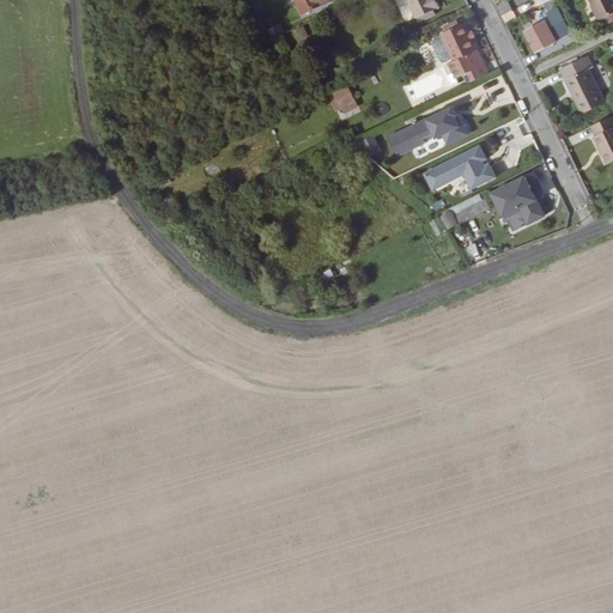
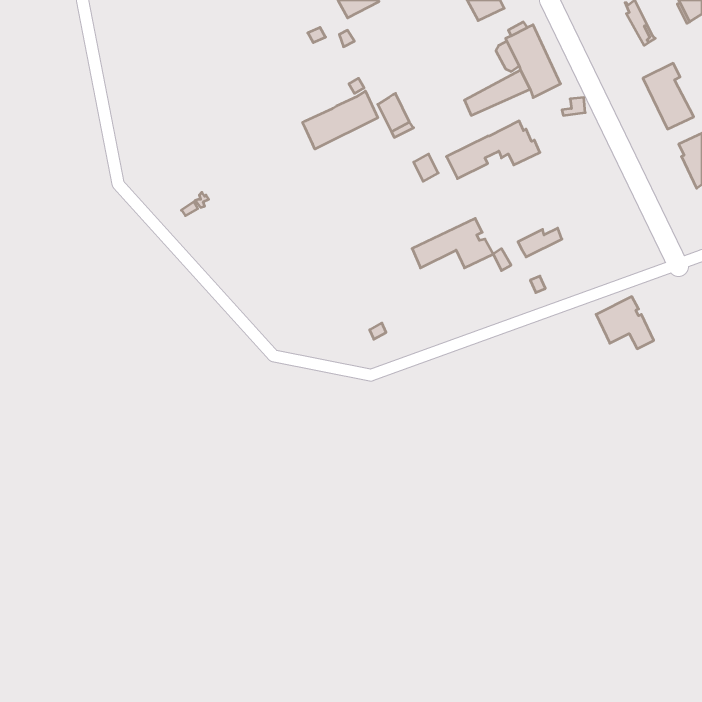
building: [524,20,556,53] -> none
building: none -> [303,91,378,149]
building: [425,146,496,189] -> [412,218,493,268]
building: [493,177,544,223] -> [596,297,654,349]

